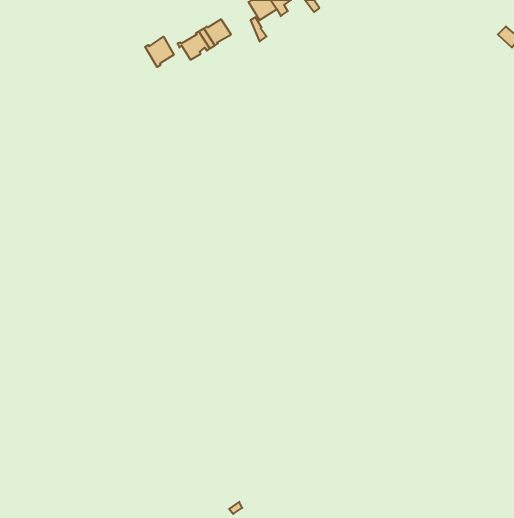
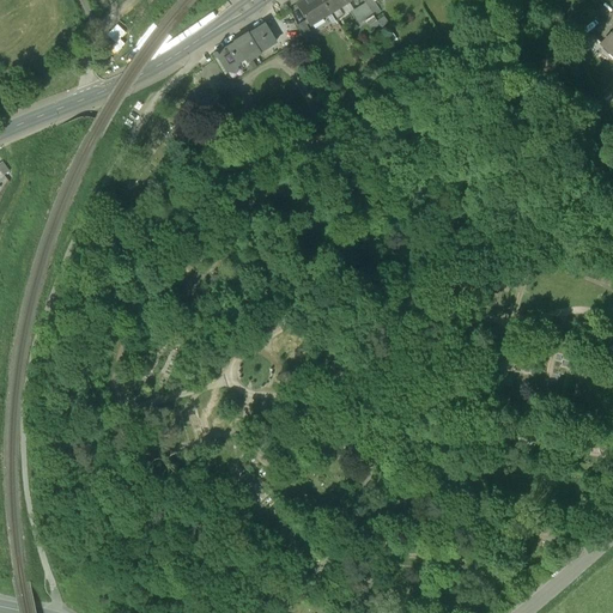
building: [145,37,174,67] -> none

